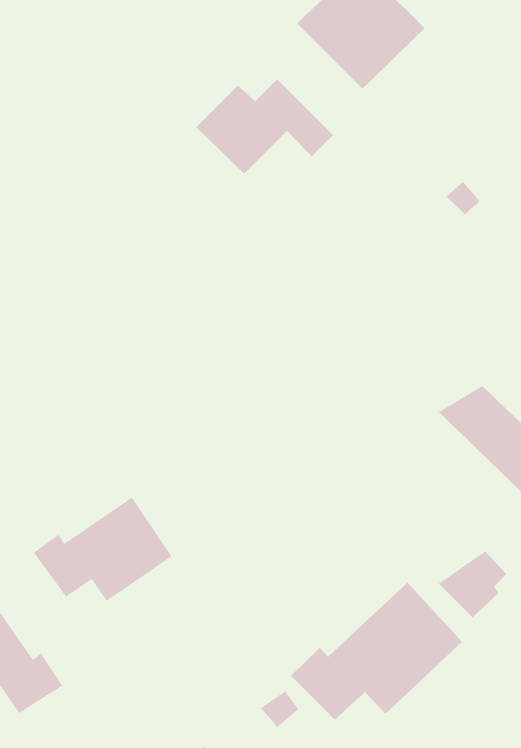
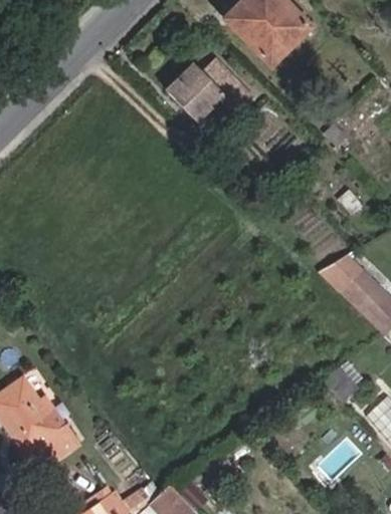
building: [33,497,173,602] -> none
building: [290,582,463,721] -> none

